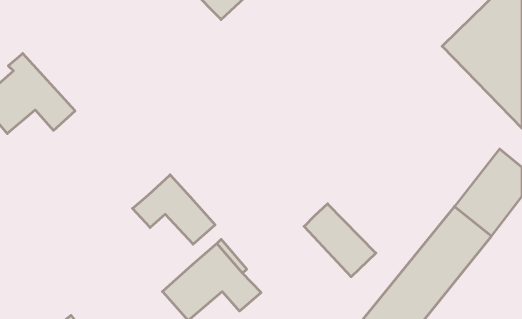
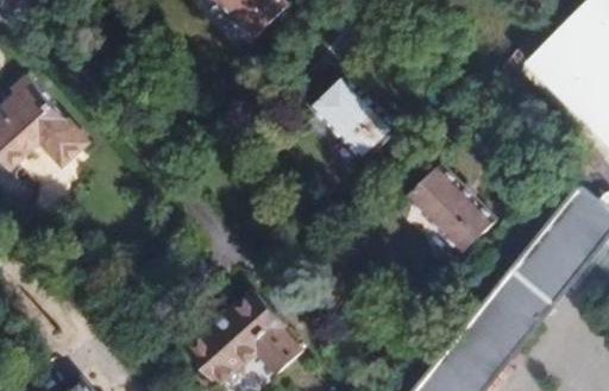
building: none -> [309,71,398,163]
building: [132,175,215,244] -> none
building: [304,204,376,277] -> [410,168,494,252]

